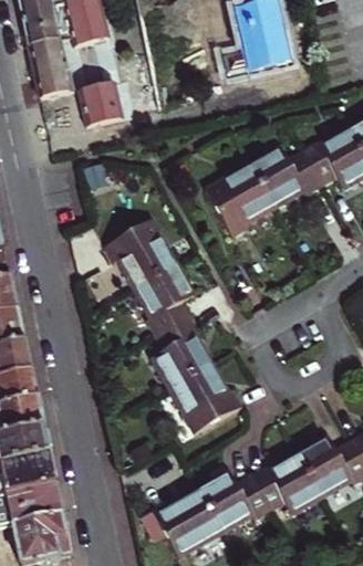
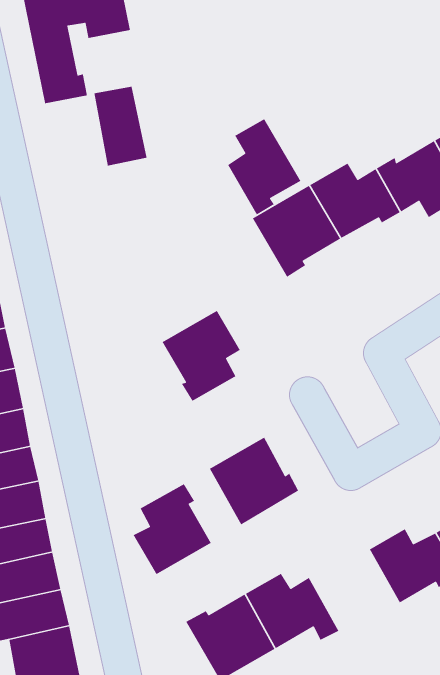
building: none -> [227,118,301,216]
building: [105,218,177,287] -> none
building: [152,315,215,388] -> [133,483,212,575]
building: [250,452,322,517] -> none

